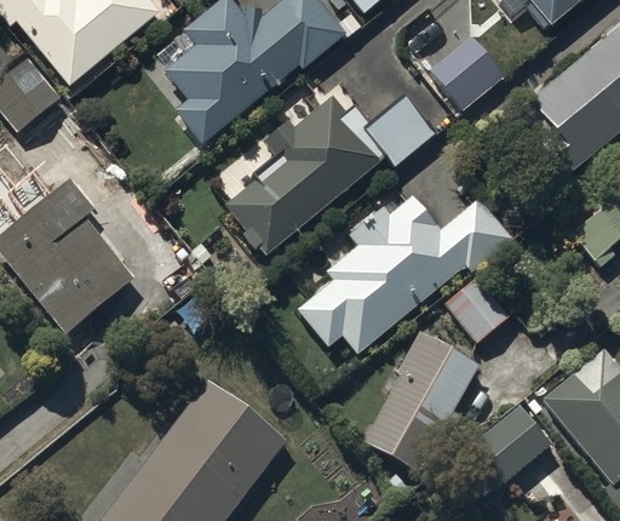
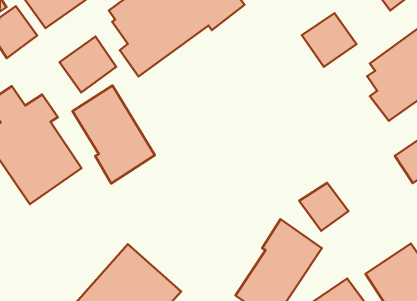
building: none -> [59,37,116,93]
building: [224,95,434,256] -> none
building: none -> [72,86,155,183]
building: [297,196,511,353] -> none

